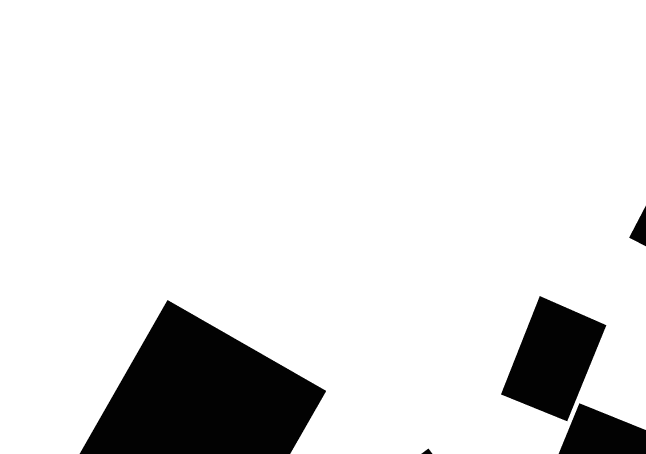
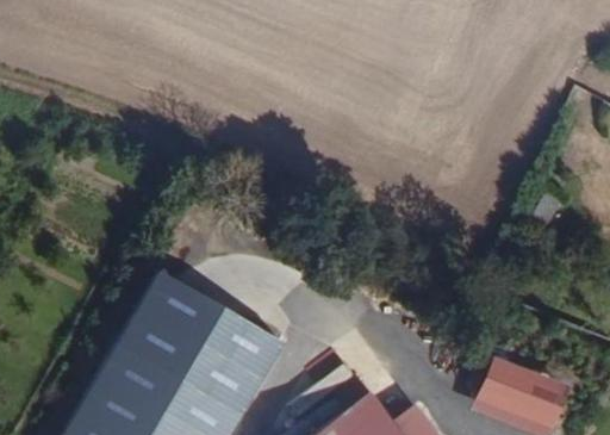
building: [500,295,607,422] -> none

